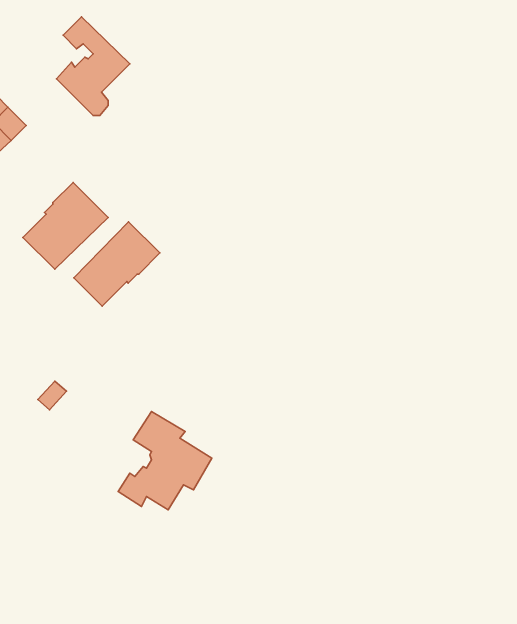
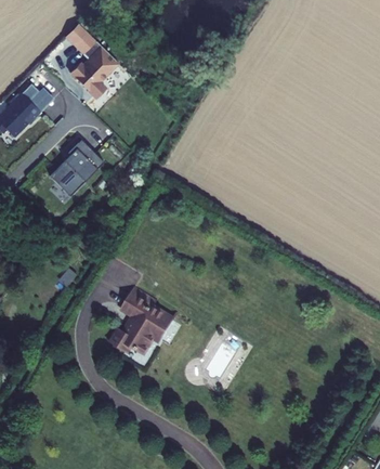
building: [74,222,160,306] -> none

